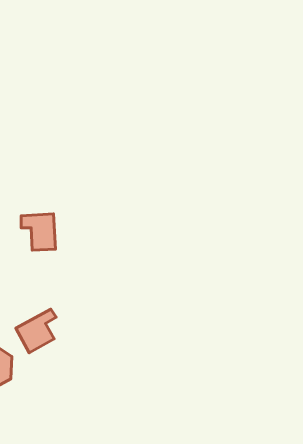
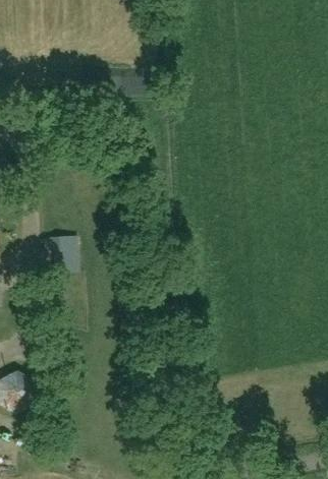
building: [16,309,56,353] -> none

